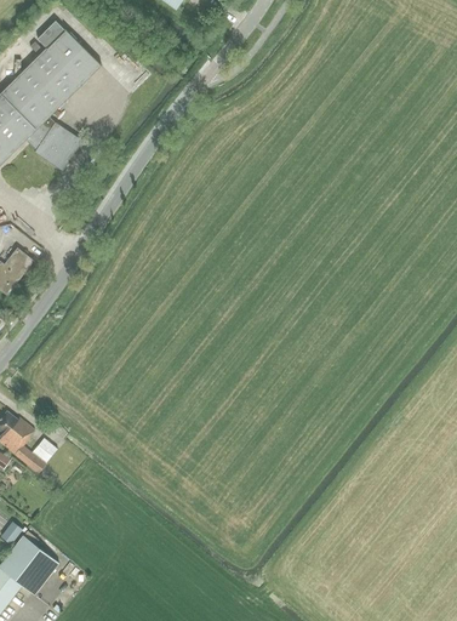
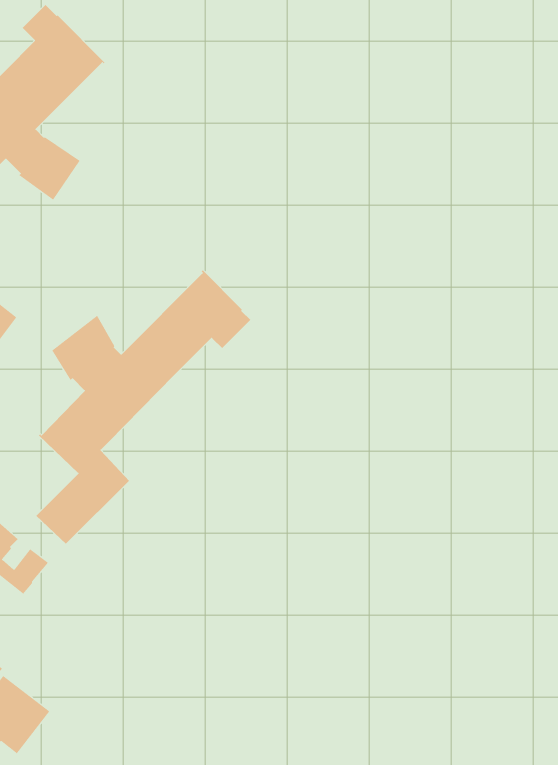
building: none -> [35,270,251,544]

